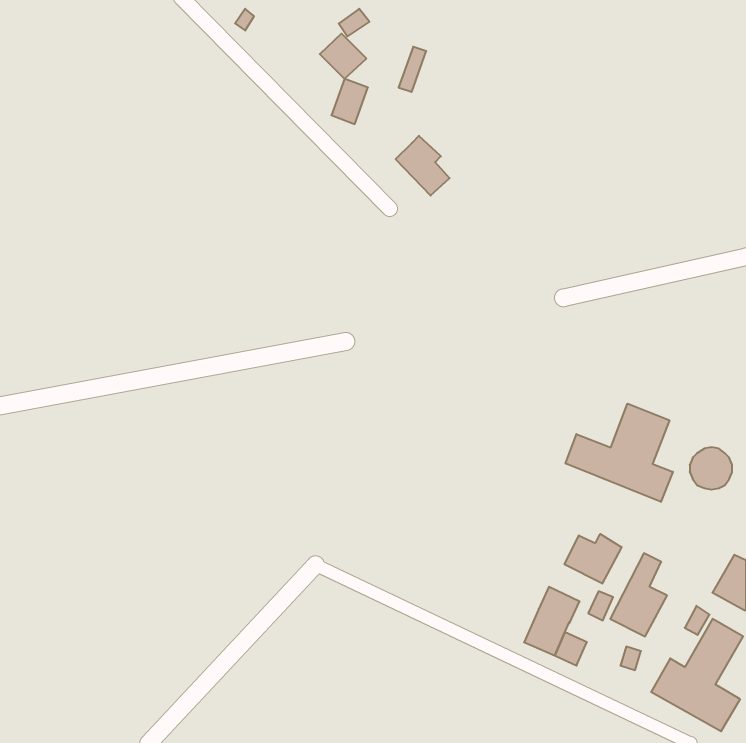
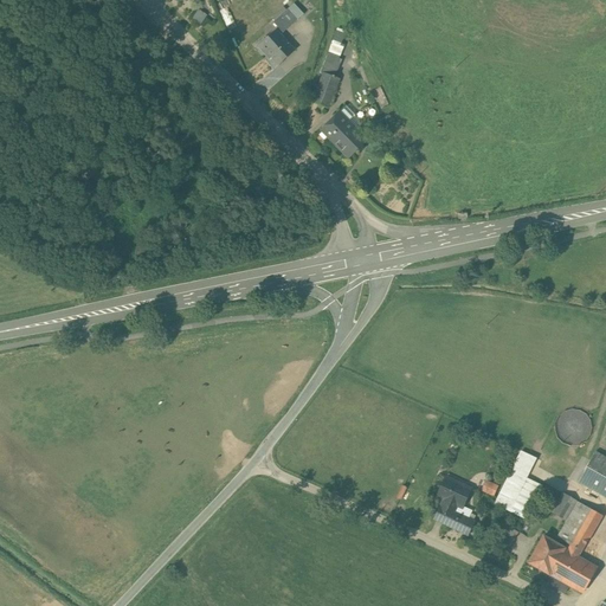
building: [331,79,368,124] -> [312,71,342,108]
building: [566,404,673,502] -> none
building: [690,447,732,490] -> [555,408,589,443]
building: [565,534,622,584] -> none

